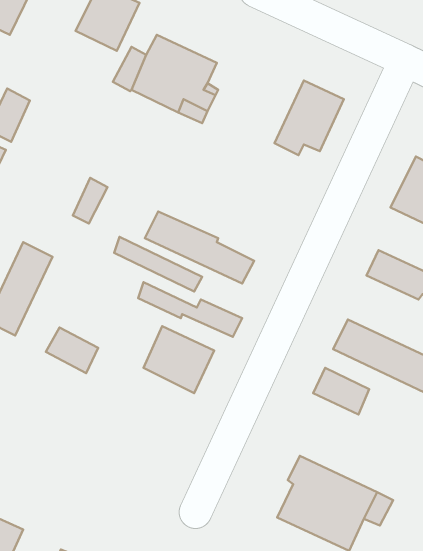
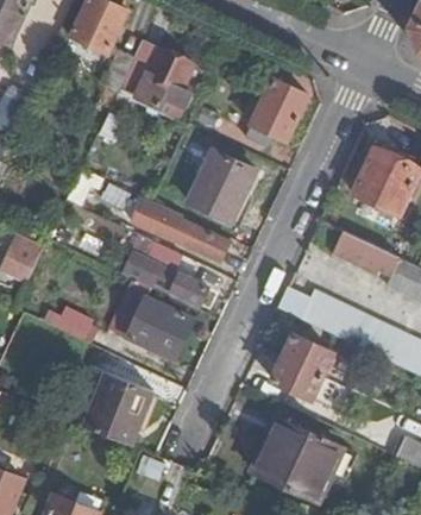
building: none -> [191,150,258,221]
building: none -> [272,358,322,400]
building: none -> [86,369,153,442]

